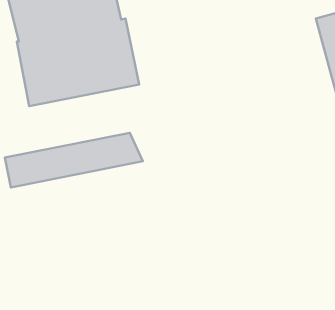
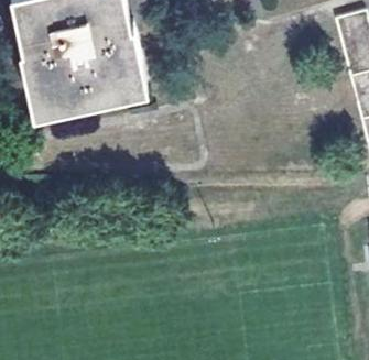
building: [5,133,143,187] -> none

